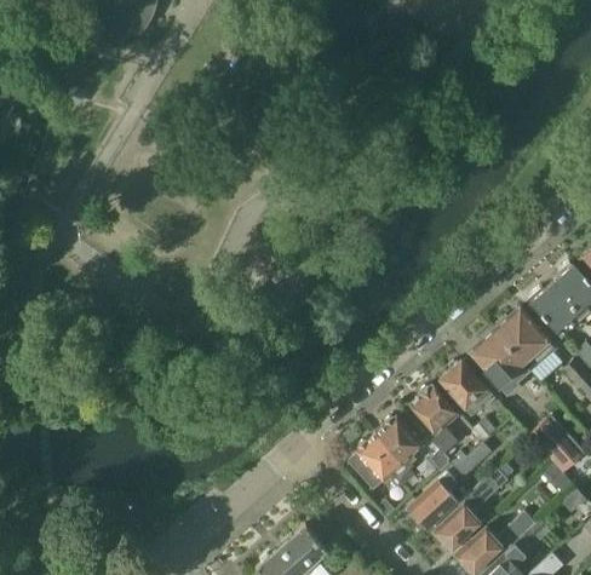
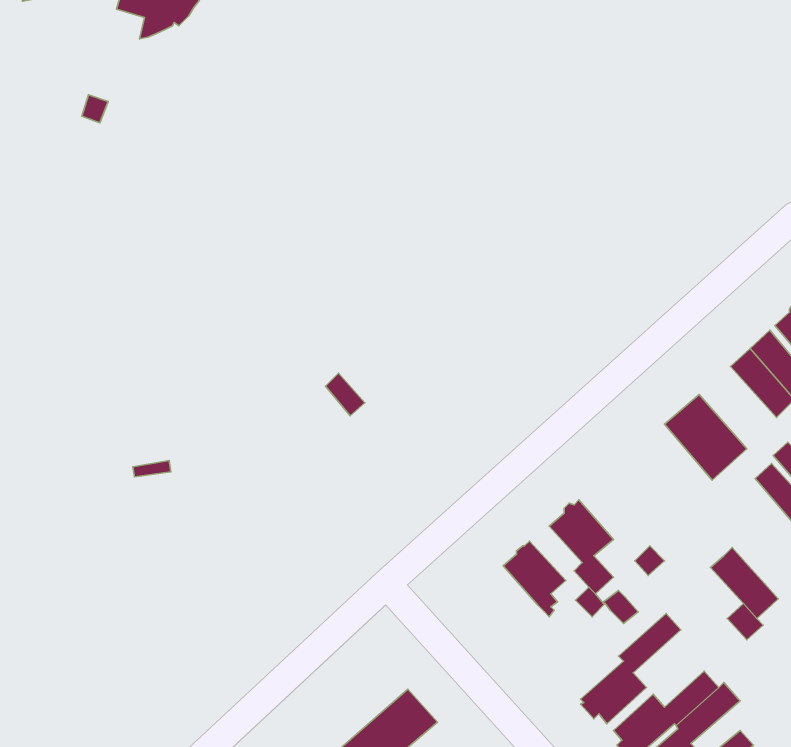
building: [530,287,579,338] -> none
building: [471,329,532,398] -> none
building: [441,358,495,415] -> none
building: [351,433,415,488] -> none
building: [411,473,459,529] -> none

